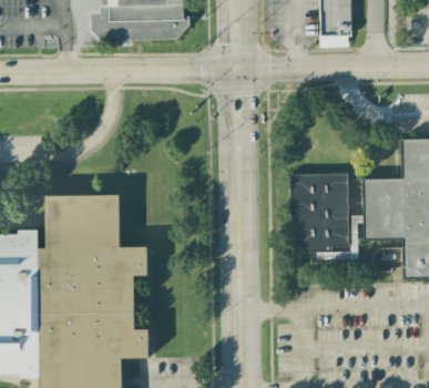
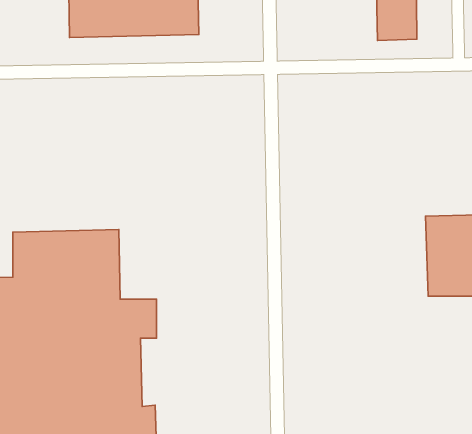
building: [288,172,351,252] -> none

